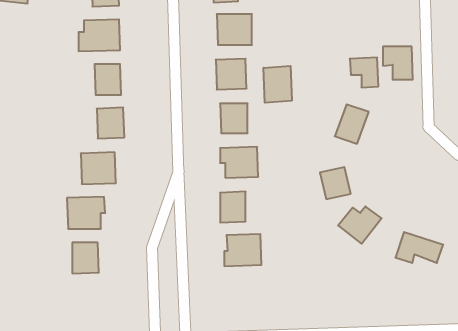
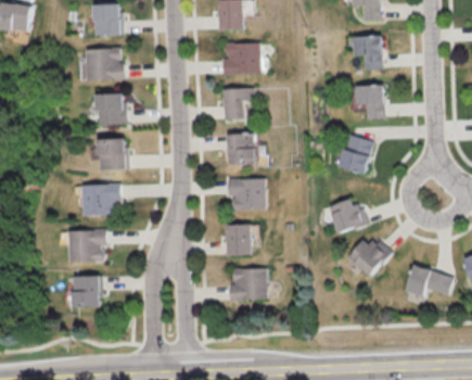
building: [383,47,413,80] -> [352,36,382,69]
building: [264,66,292,103] -> none

